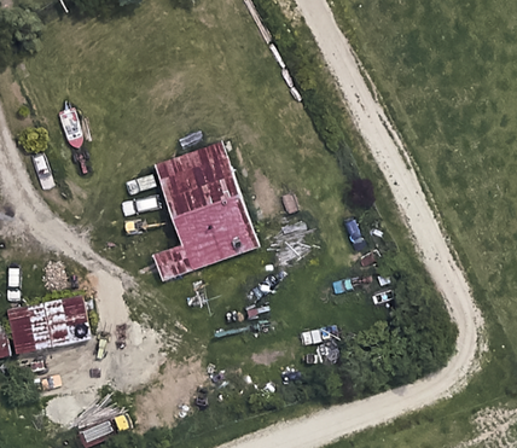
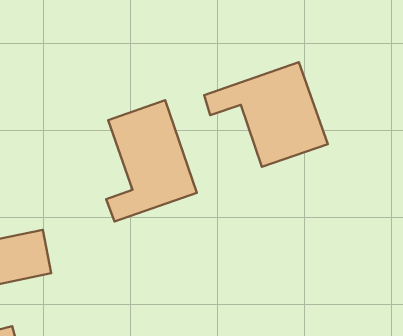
building: none -> [204,62,328,167]

